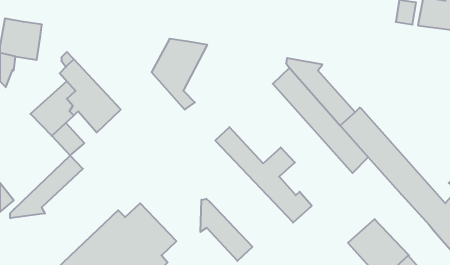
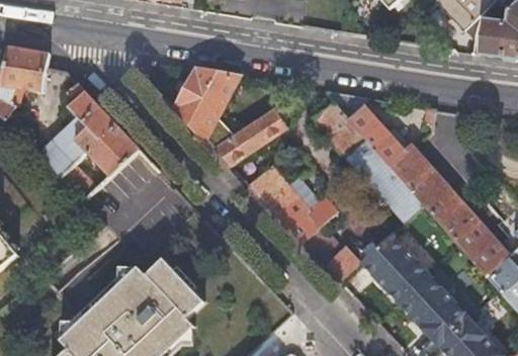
building: none -> [214,107,288,166]
building: [10,155,83,218] -> none
building: none -> [361,233,430,301]
building: [200,199,252,261] -> none

